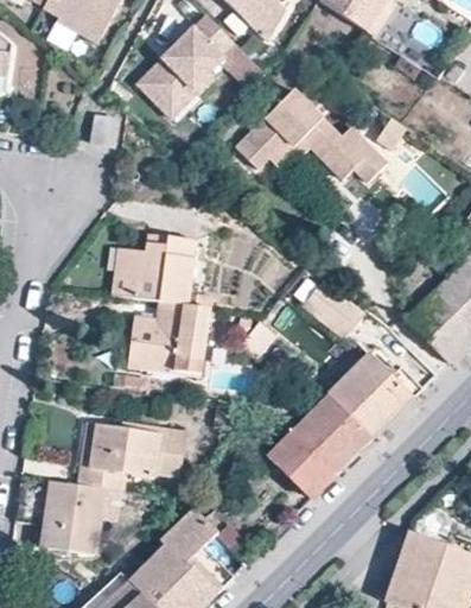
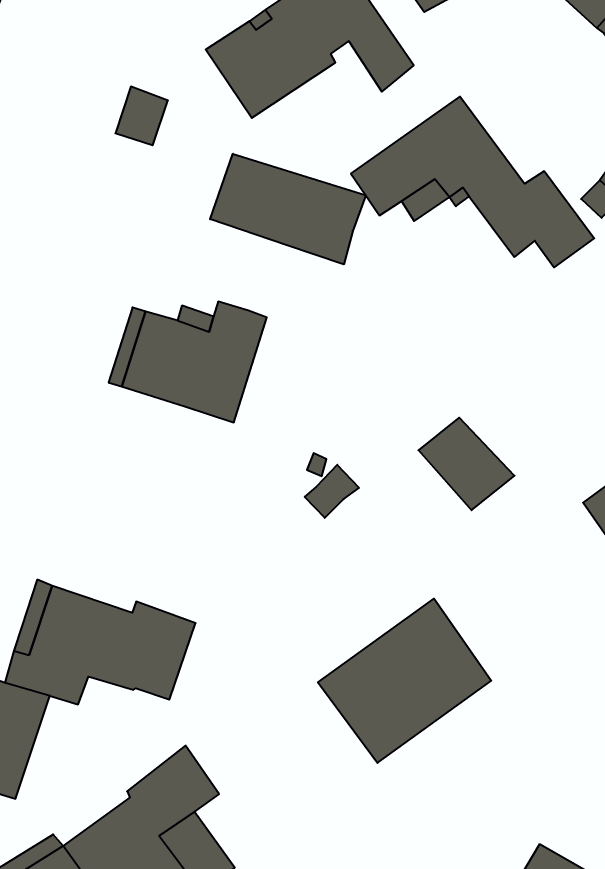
building: none -> [210,154,366,264]
building: [126,302,211,374] -> none
building: [326,353,412,437] -> none

